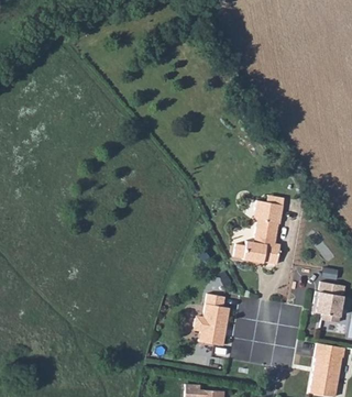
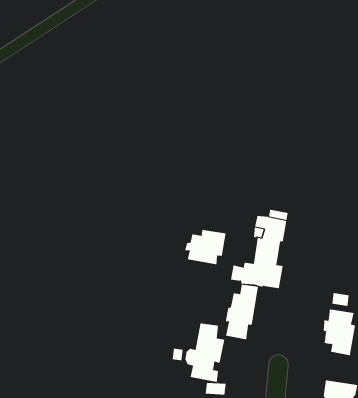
building: none -> [185,229,226,265]
building: none -> [225,284,258,340]

